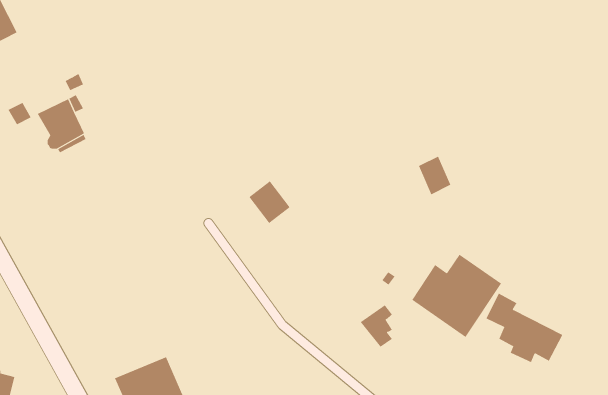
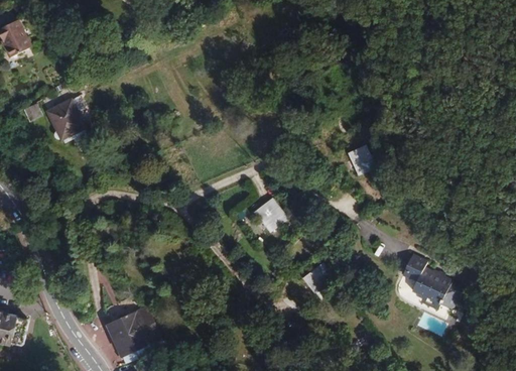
building: [249,181,291,224] -> [254,199,287,233]
building: [411,254,502,338] -> none

